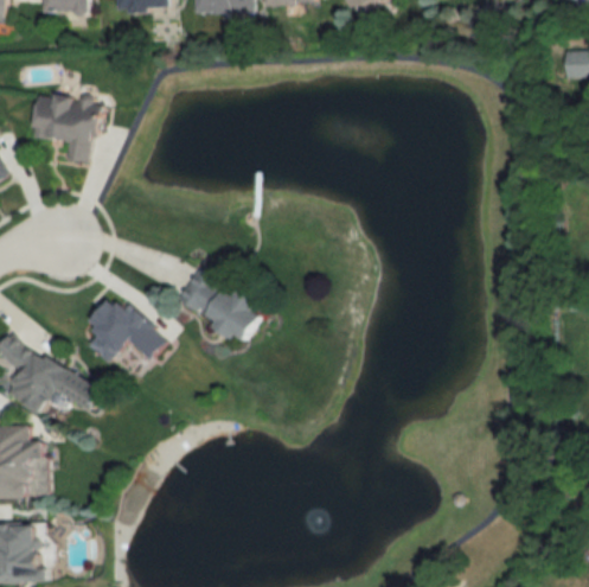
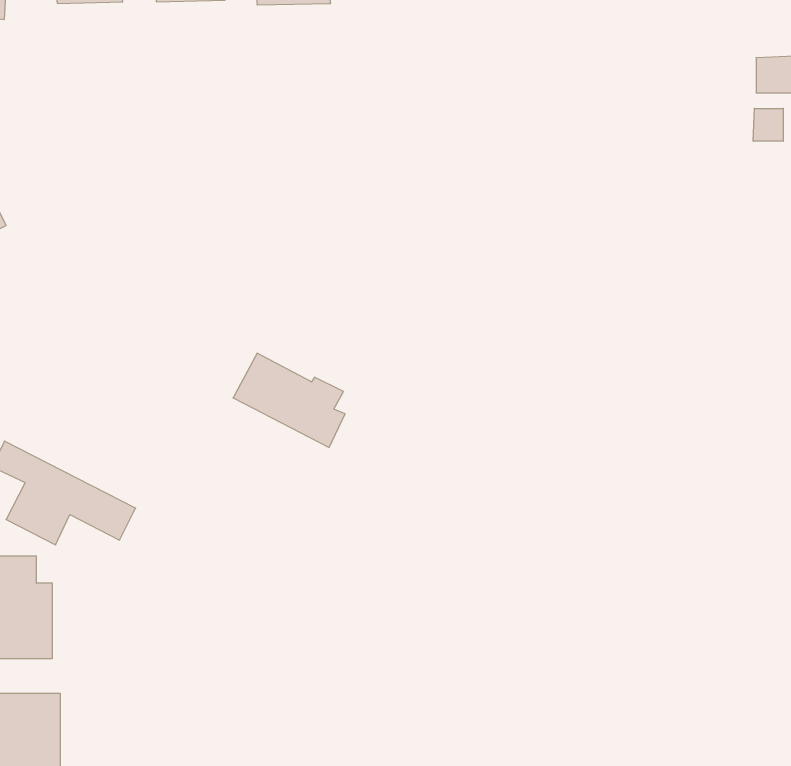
building: none -> [753,108,783,141]
building: [31,92,96,162] -> none
building: [88,295,166,363] -> none

